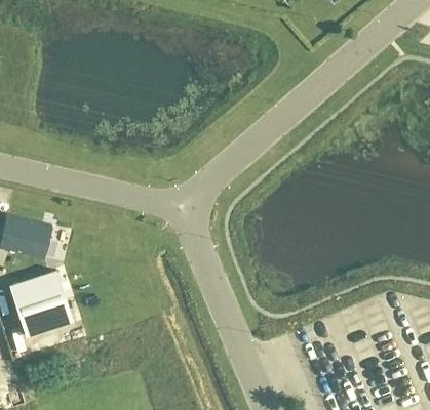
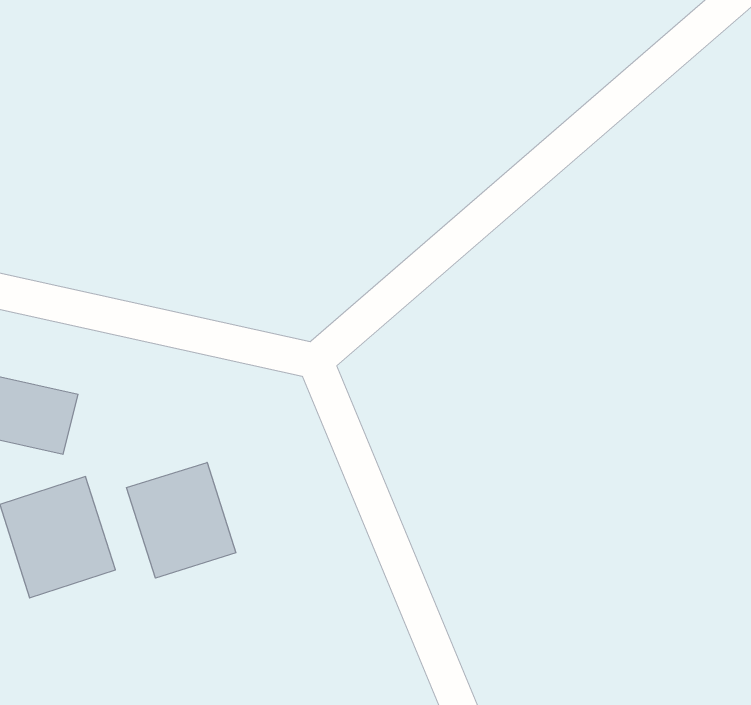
building: none -> [127,462,236,578]

